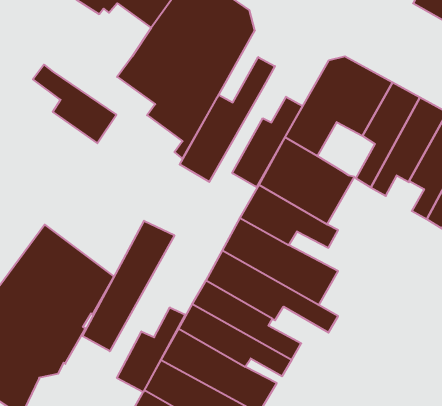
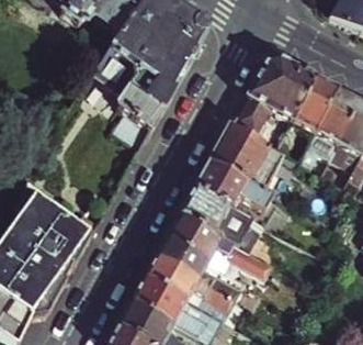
building: [180,57,275,182] -> none
building: [33,65,116,143] -> none
building: [232,97,303,187] -> none
building: [82,221,174,351] -> none
building: [117,307,185,392] -> none

